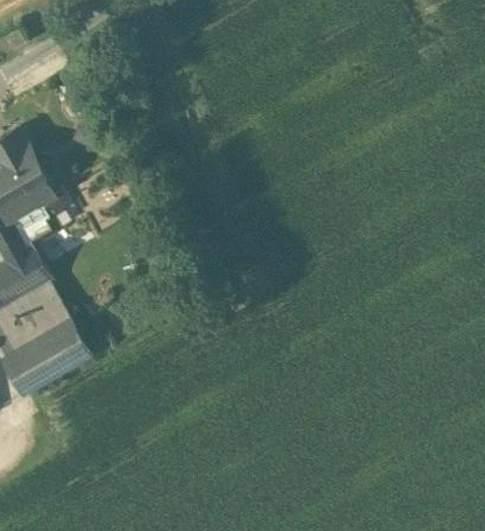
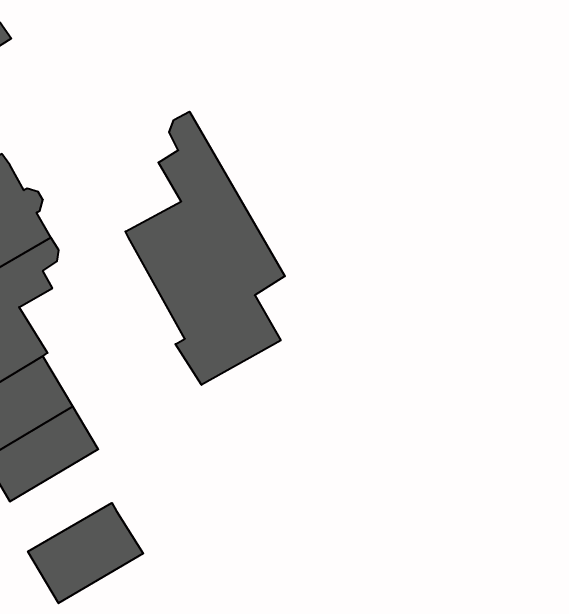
building: none -> [125,112,285,385]
building: none -> [28,503,143,603]

